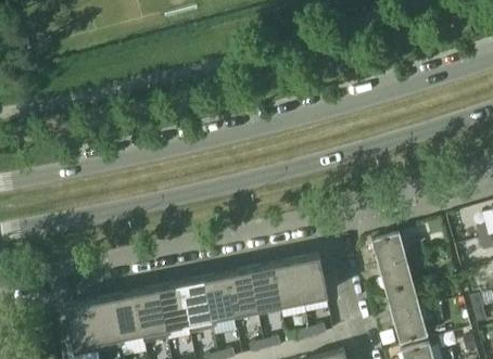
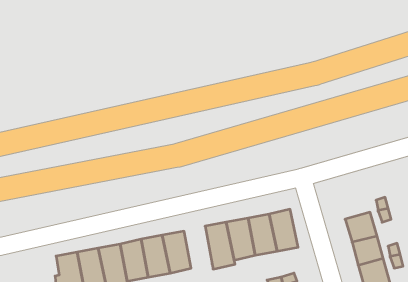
building: [372,233,406,266] -> none
building: [204,273,235,319] -> none

